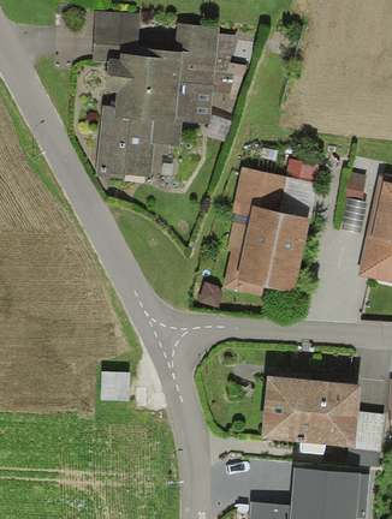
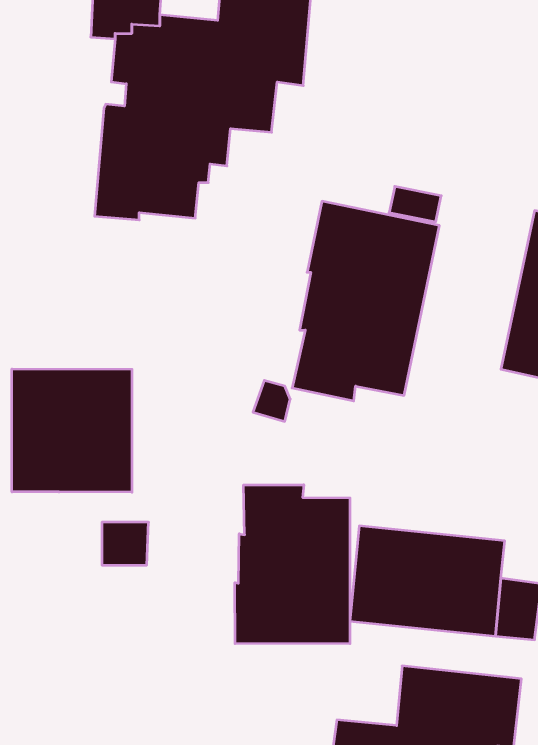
building: none -> [12,369,132,492]
building: none -> [235,485,350,644]

